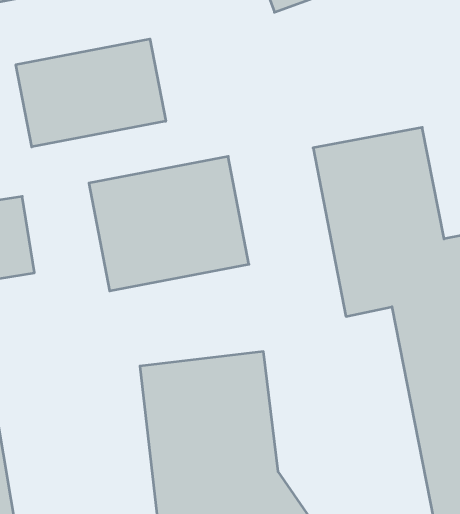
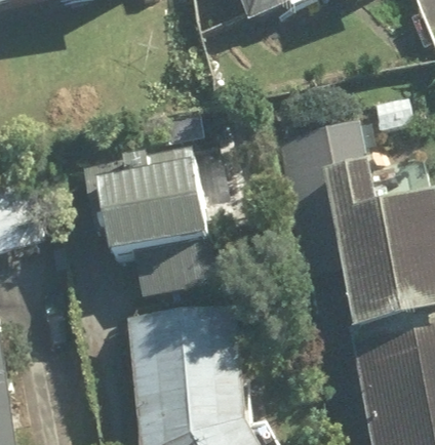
building: [16,39,166,147] -> none

